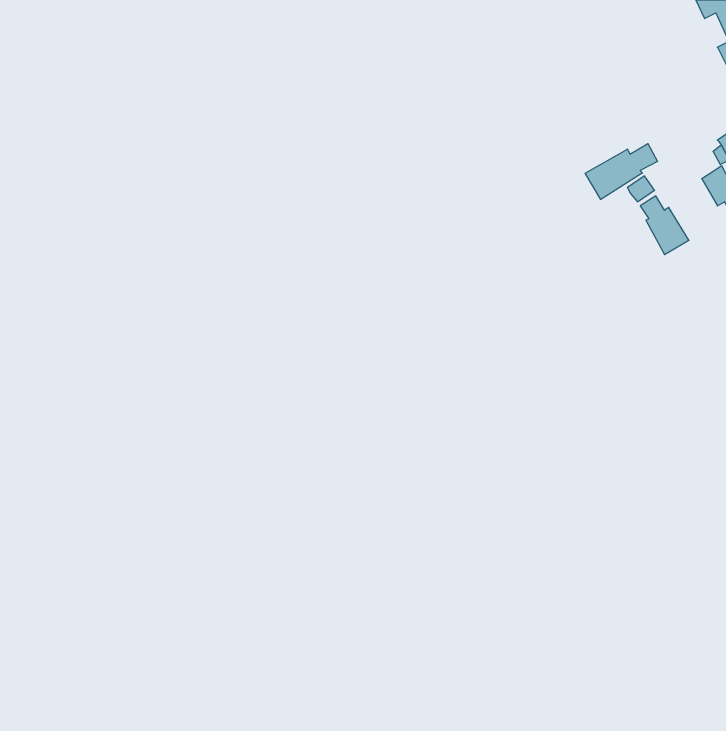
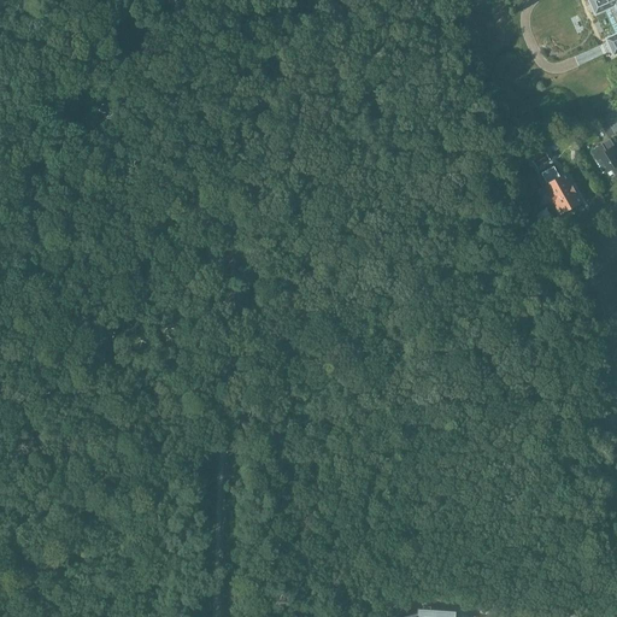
building: [585,144,658,199] -> none

